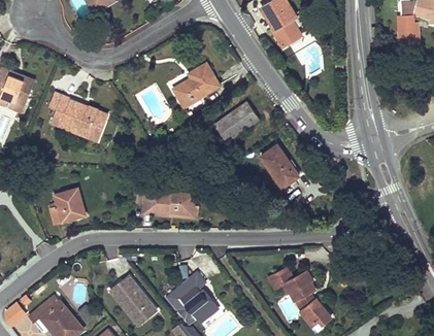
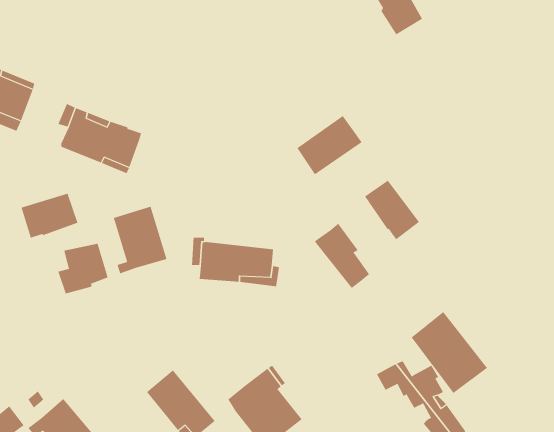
building: [173,64,219,106] -> none
building: none -> [21,193,78,239]
building: none -> [113,206,167,274]
building: none -> [314,223,370,289]
building: none -> [411,311,488,394]

